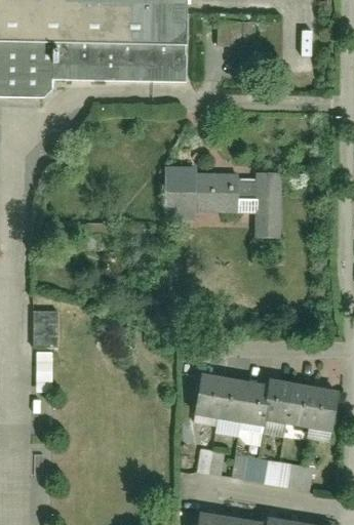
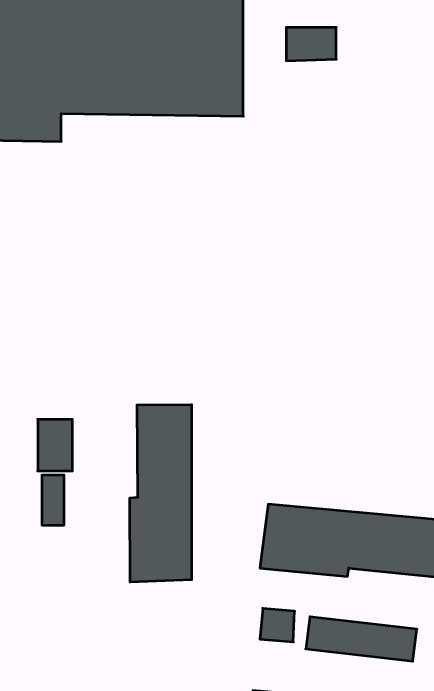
building: [166,165,286,237] -> none
building: none -> [130,405,192,582]

